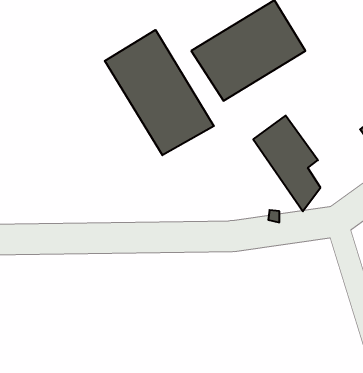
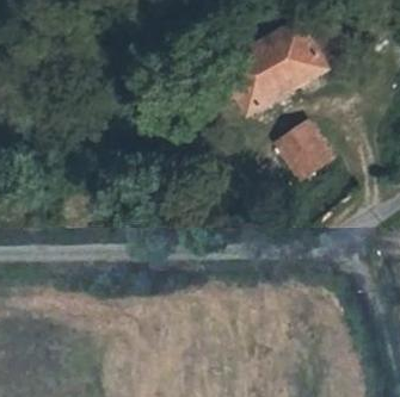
building: [105,30,214,155] -> none

